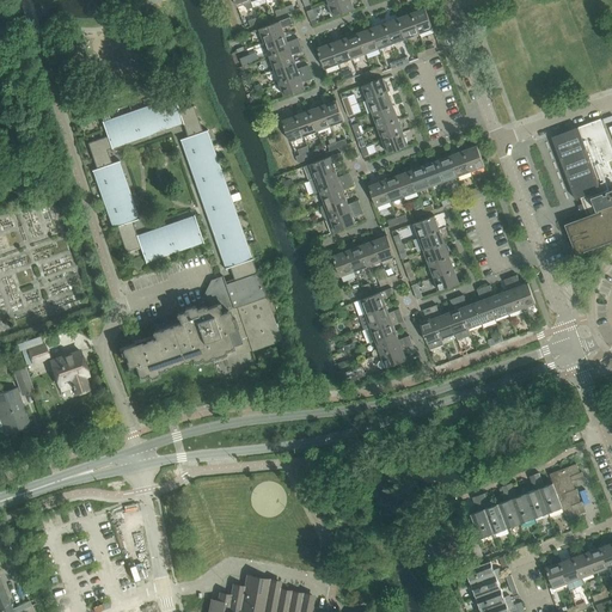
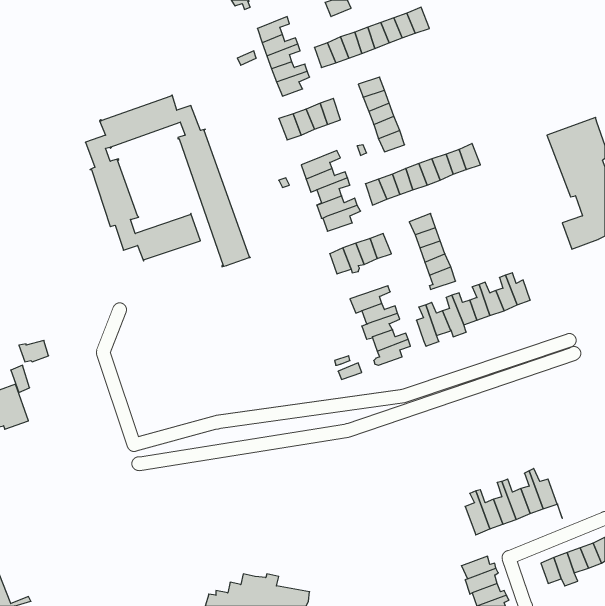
building: [118,259,279,380] -> none
building: [49,351,87,394] -> none
building: [549,464,585,522] -> none

